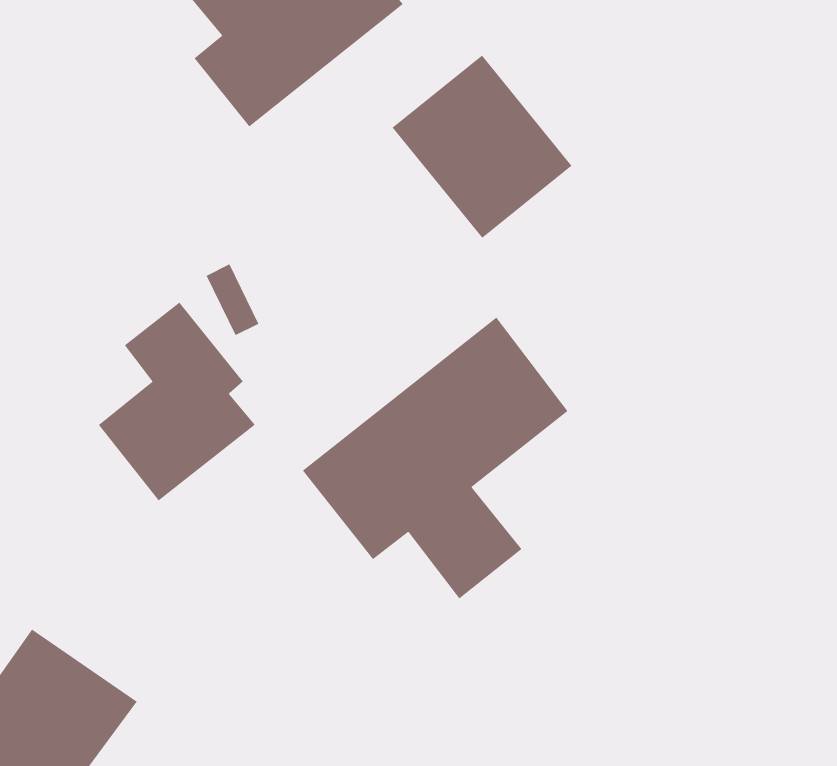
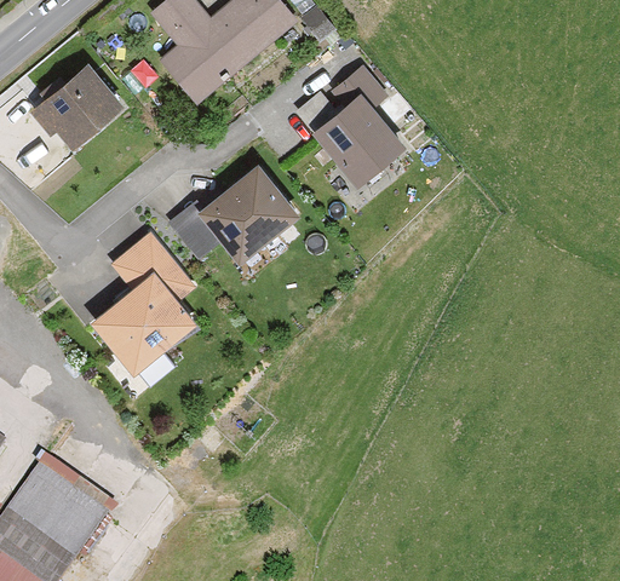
building: none -> [30,59,128,153]
building: none -> [195,163,297,265]
building: [302,316,569,599] -> none

